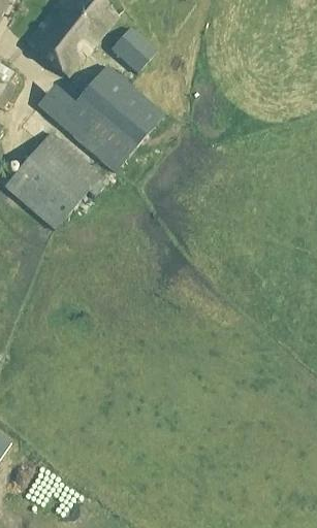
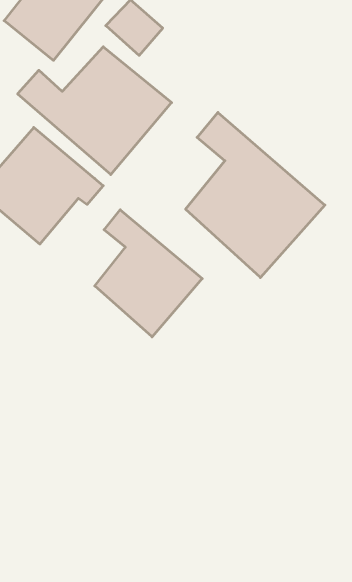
building: none -> [186,112,325,278]
building: none -> [95,210,202,337]

